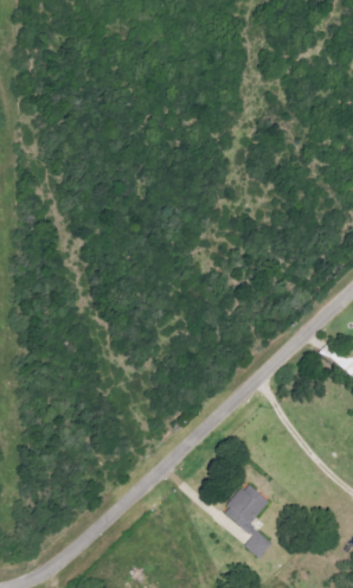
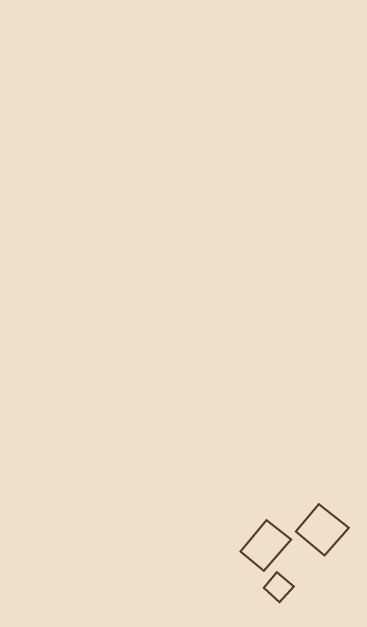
building: none -> [296,504,349,556]

